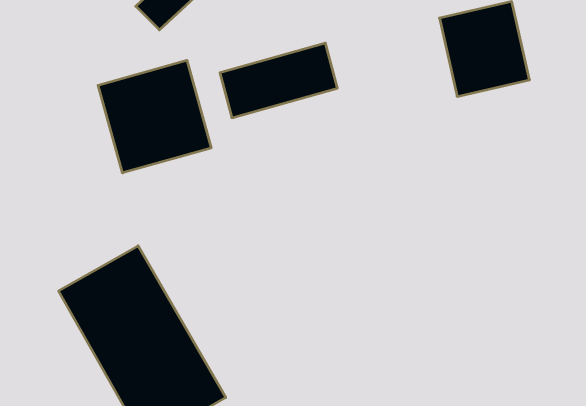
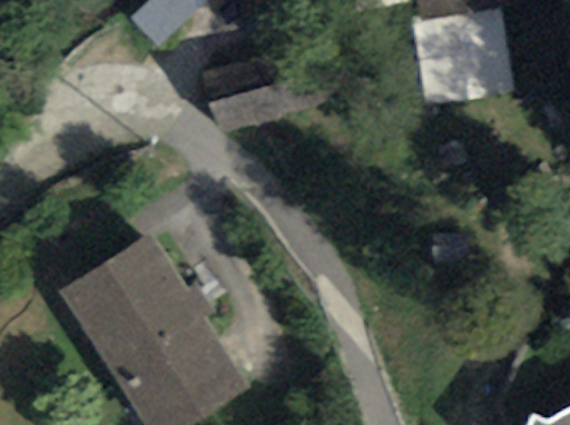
building: [98,60,211,173] -> none

